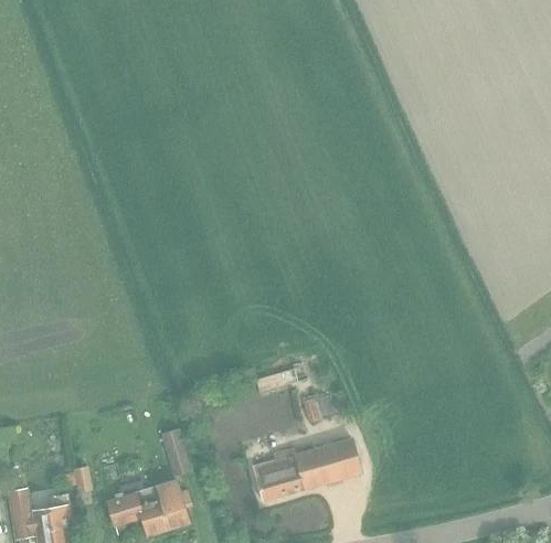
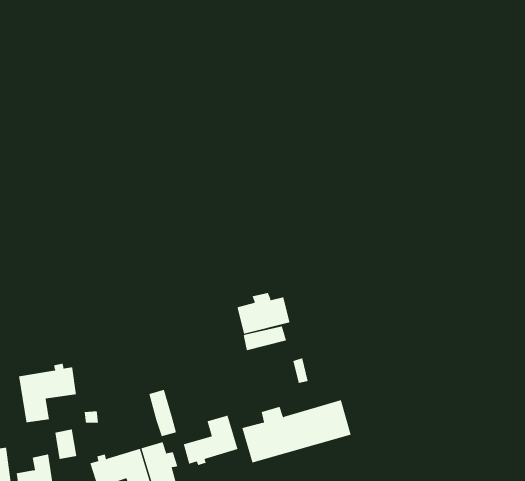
building: none -> [237,292,290,335]
building: none -> [18,363,77,423]
building: none -> [183,415,238,466]

